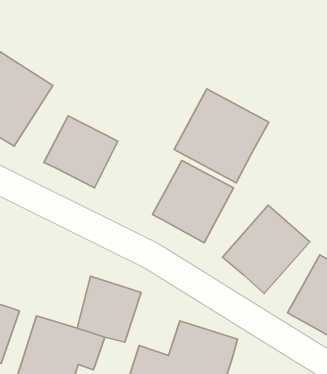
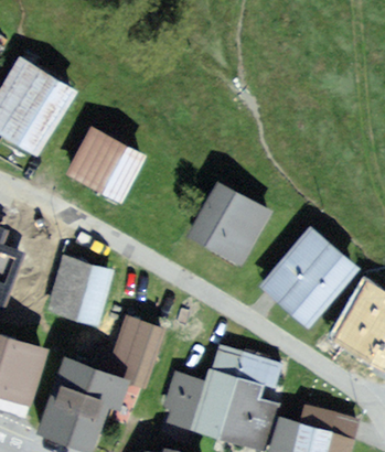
building: [174,89,269,183] -> none
building: none -> [41,250,114,325]

